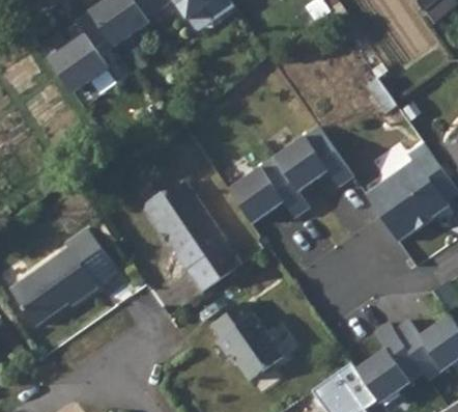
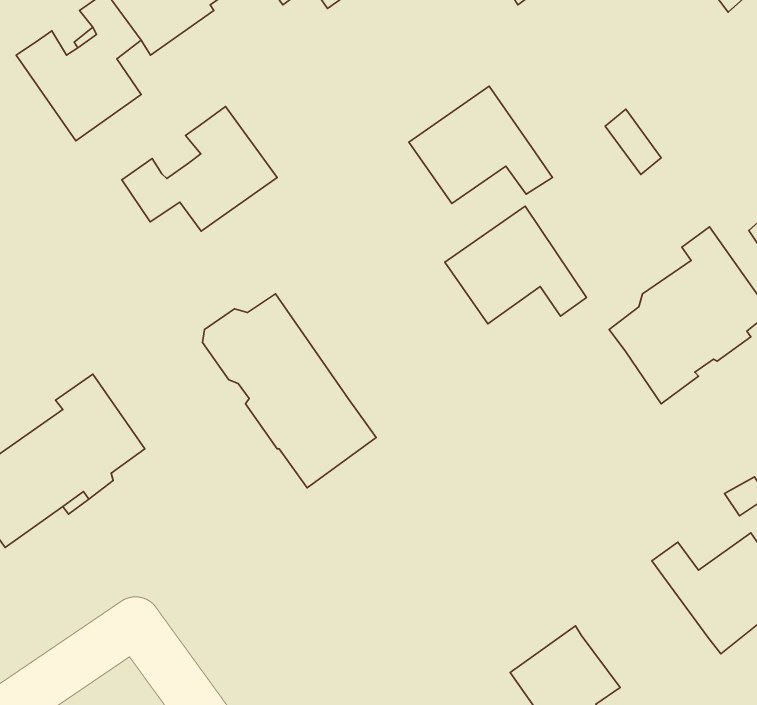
building: none -> [122,106,277,231]
building: [233,163,313,228] -> [409,86,552,204]
building: [211,298,283,376] -> none
building: [353,322,424,403] -> none

